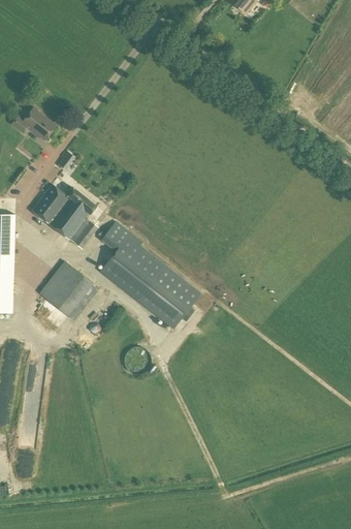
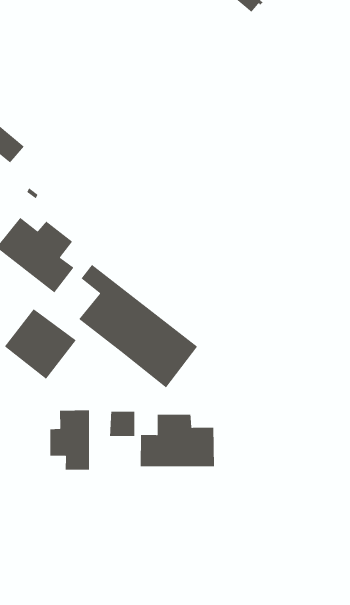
building: none -> [49,410,90,470]
building: none -> [140,414,215,467]

